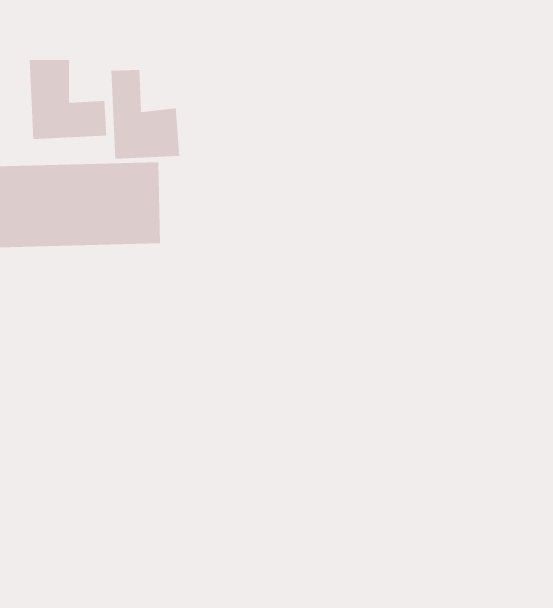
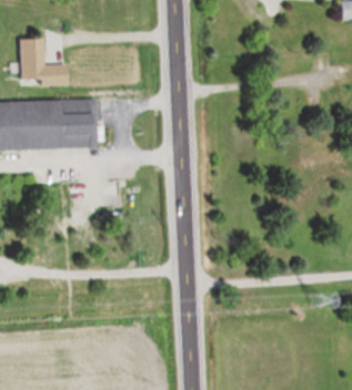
building: [111,69,180,160] -> none

